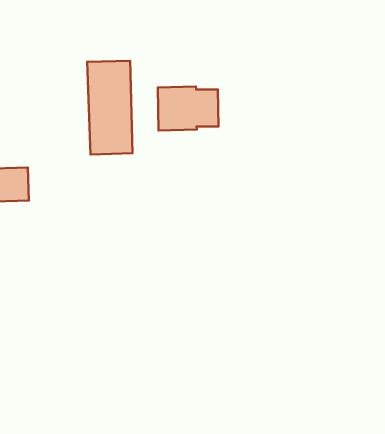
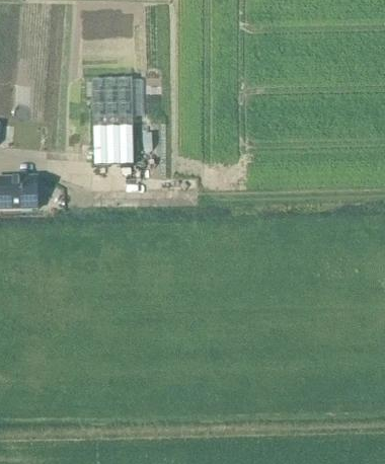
building: [158,87,218,130] -> none

